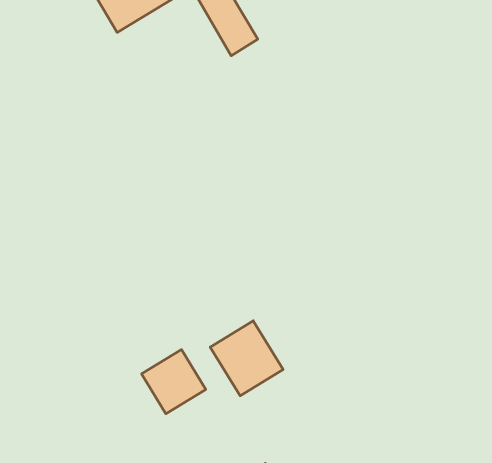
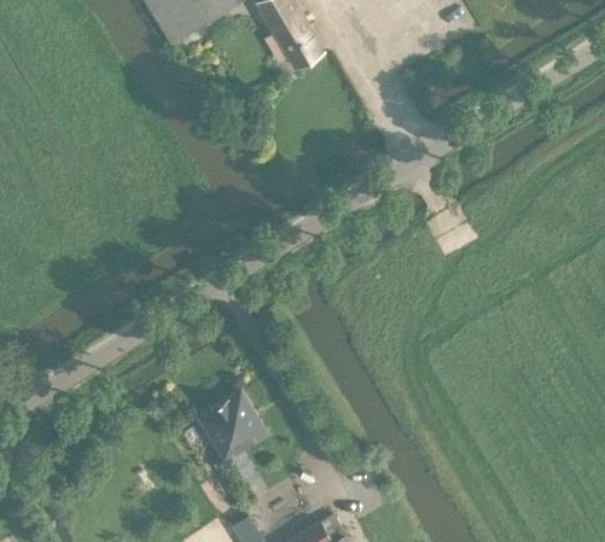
building: [210,321,283,396] -> none

